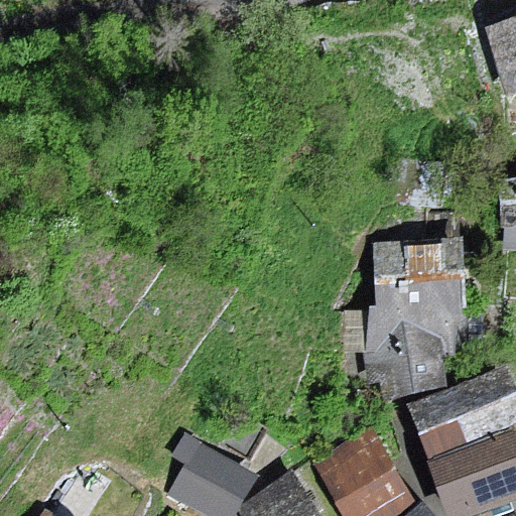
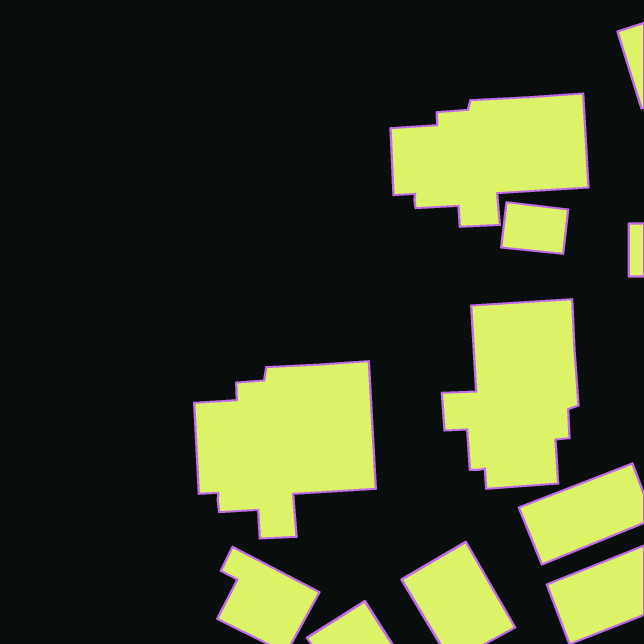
building: none -> [390,93,588,227]
building: none -> [194,361,376,539]

